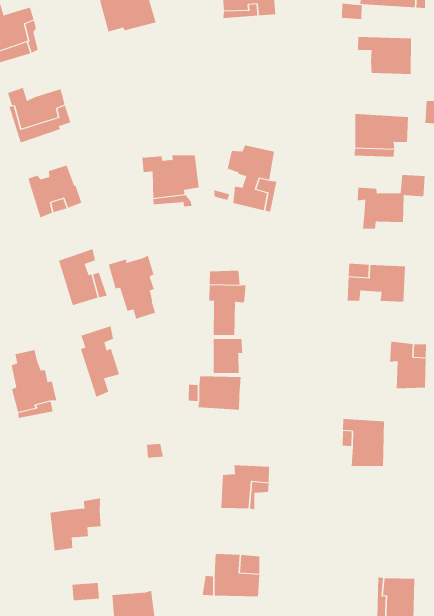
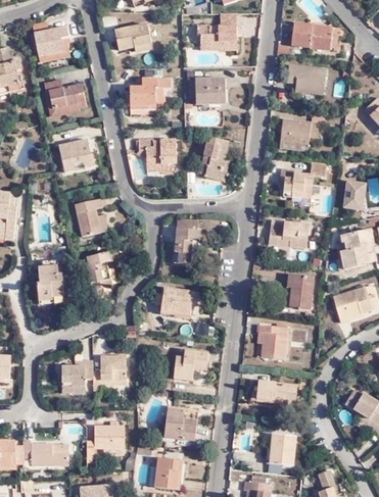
building: none -> [193,76,223,101]
building: none -> [128,74,169,102]
building: [108,255,156,320] -> none
building: [213,338,243,374] -> none
building: none -> [89,359,123,394]
building: none -> [250,380,296,404]

